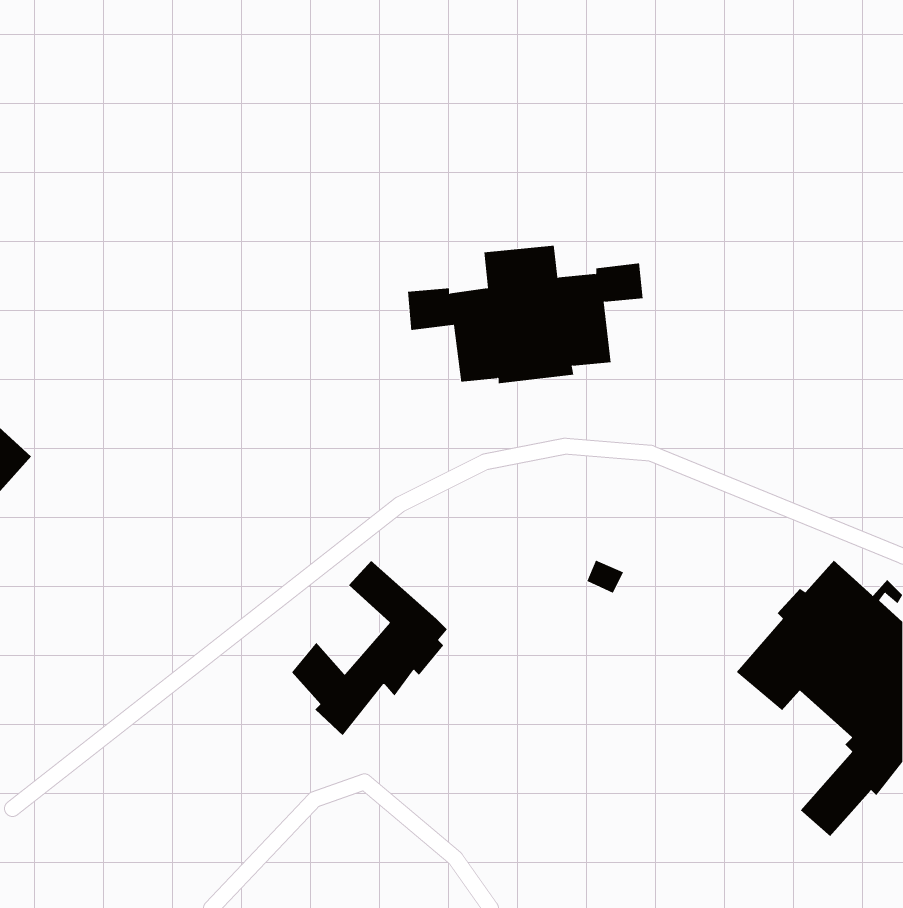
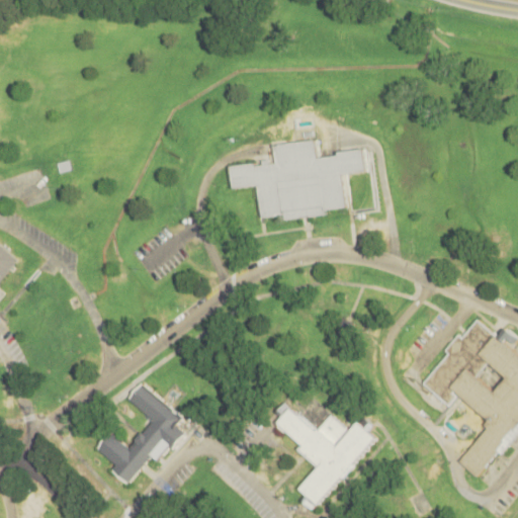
building: [291,560,448,736] -> [97,384,186,485]
building: none -> [275,408,376,505]

